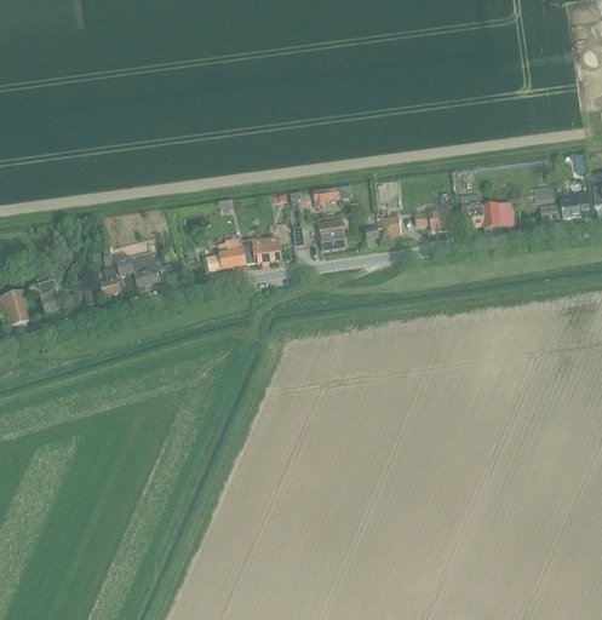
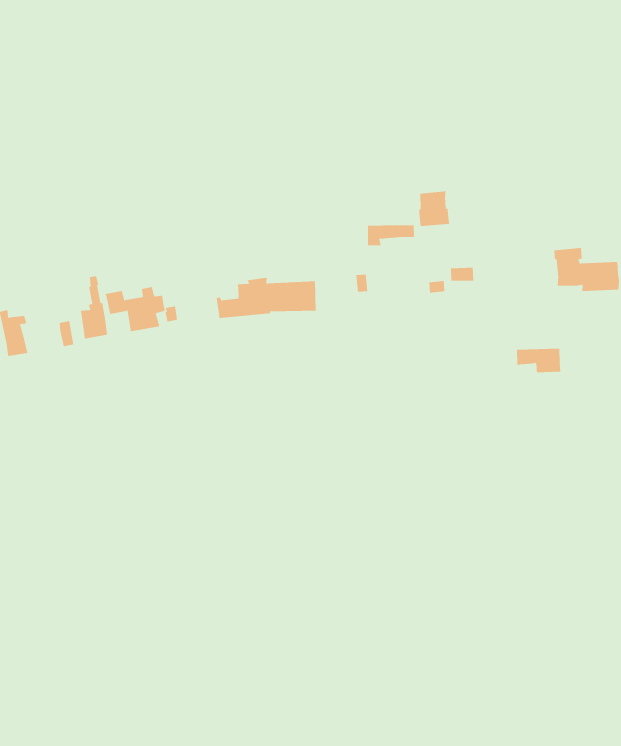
building: [415,209,452,230] -> [516,348,561,373]
building: [321,220,346,249] -> [418,191,450,226]

